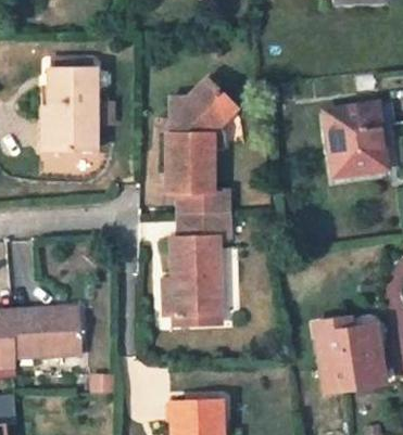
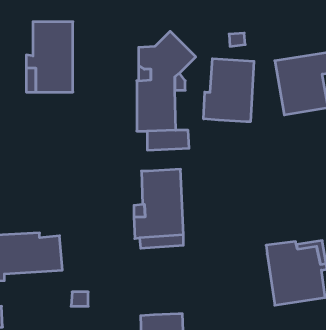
building: none -> [204,59,254,122]
building: [179,213,229,239] -> none

